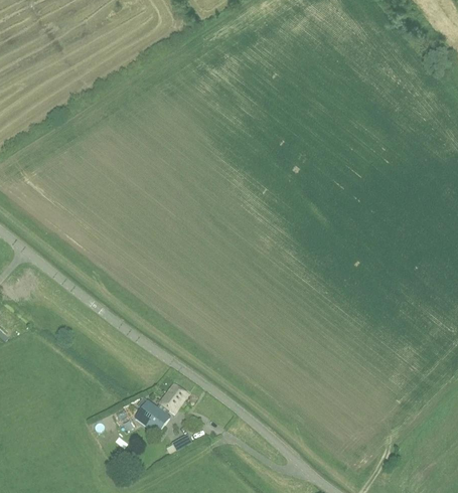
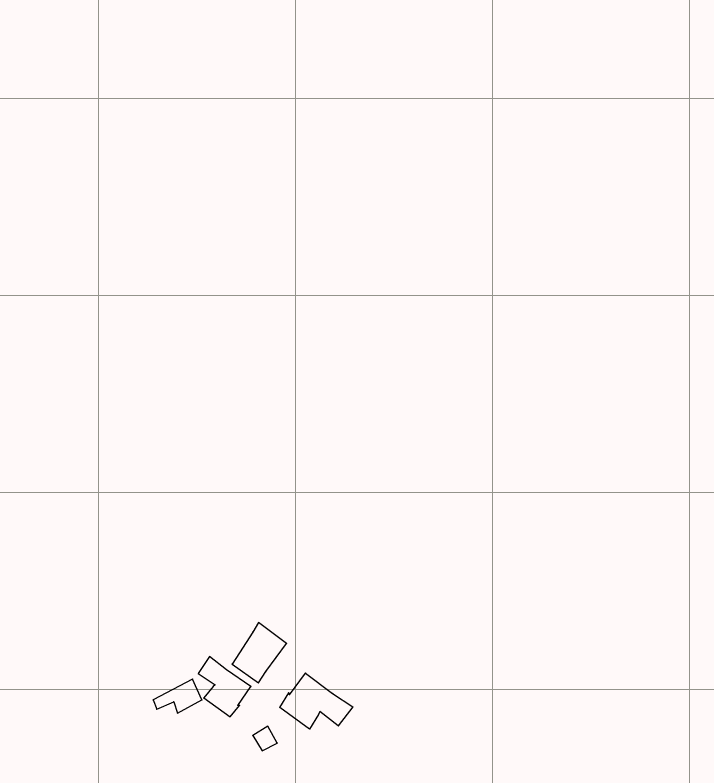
building: none -> [280,673,353,729]

